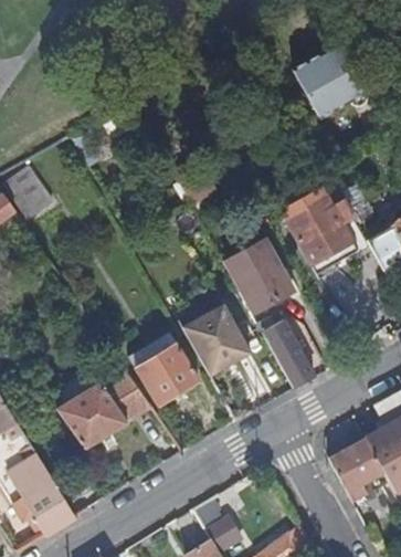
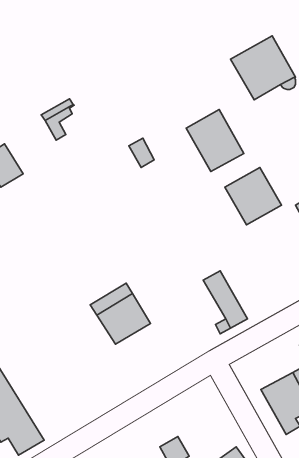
building: [226,240,294,313] -> [186,109,244,171]
building: [182,305,251,376] -> none
building: [56,368,151,450] -> none

